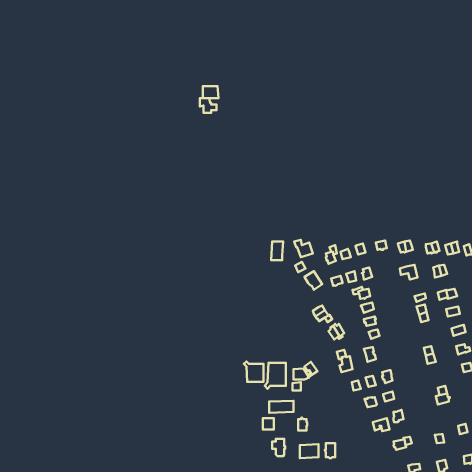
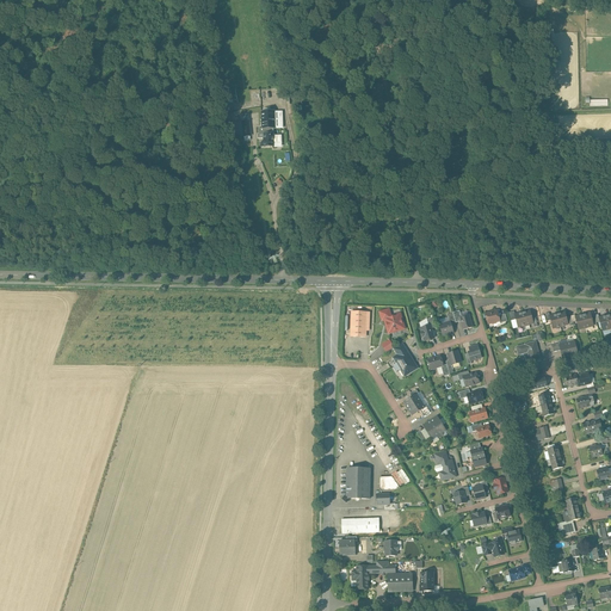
building: [244,362,263,382] -> none

